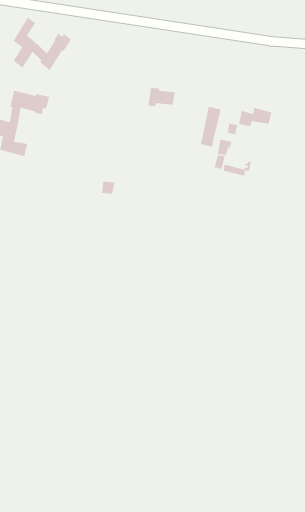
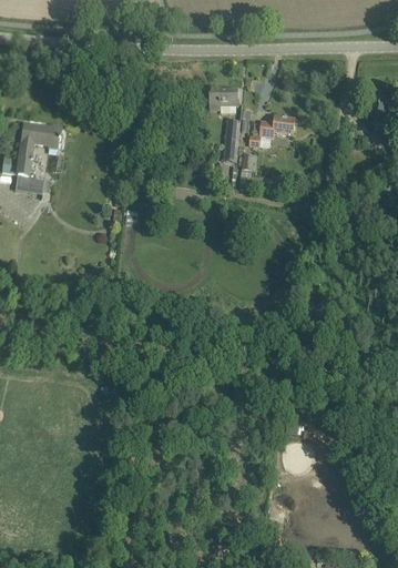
building: [13,17,72,71] -> none
building: [148,87,176,107] -> [210,88,237,108]

